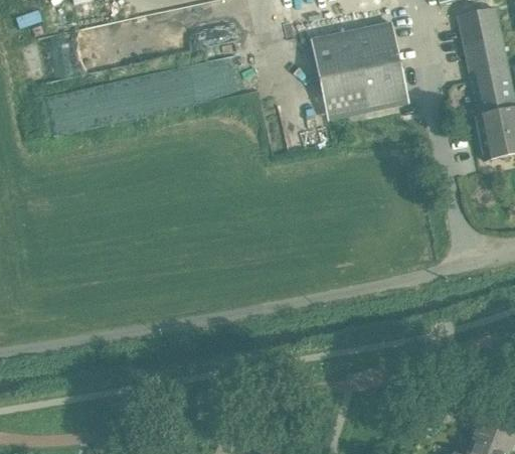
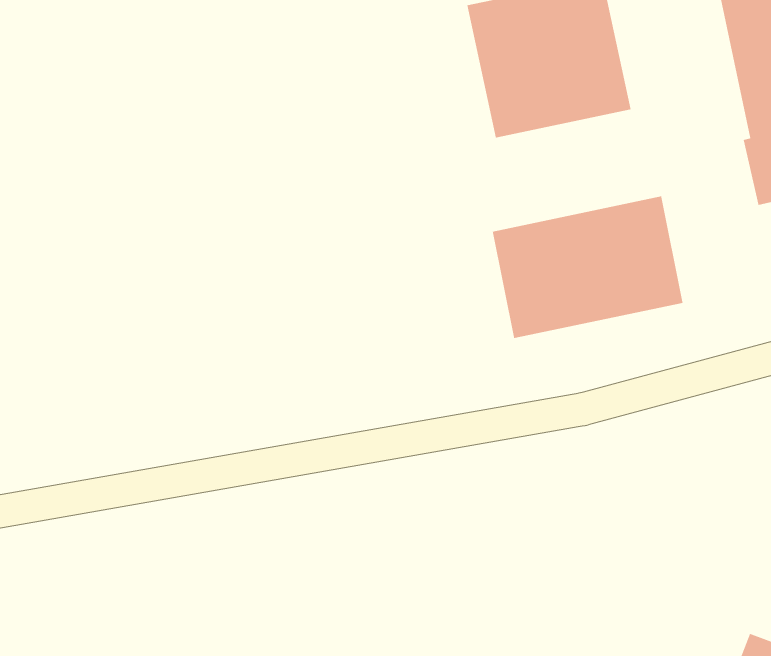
building: none -> [492,196,683,339]

